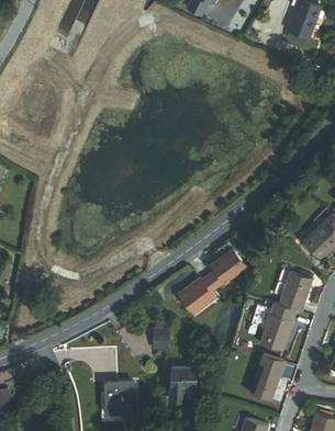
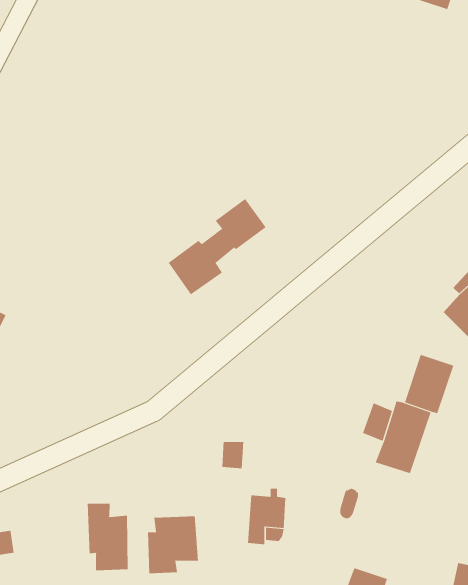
building: [180,248,247,314] -> [168,198,267,295]
building: [248,353,283,400] -> none
building: none -> [87,503,128,571]

